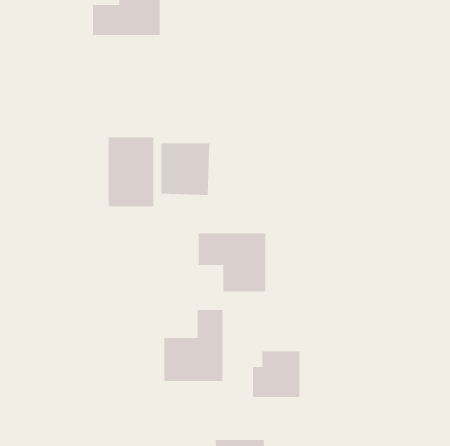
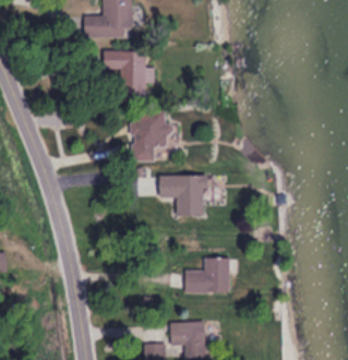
building: [108,137,154,207] -> [115,52,147,101]
building: [164,309,223,382] -> none

